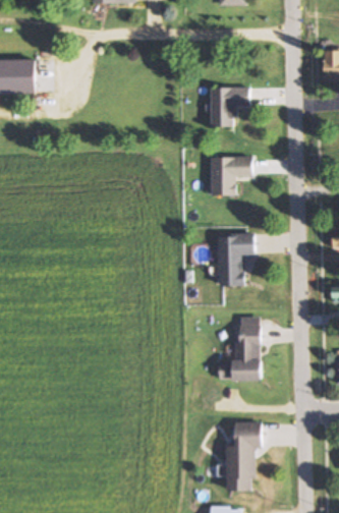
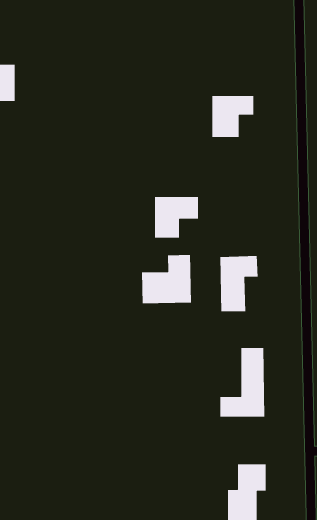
building: [211,156,251,194] -> [154,196,199,239]
building: none -> [141,254,192,304]

